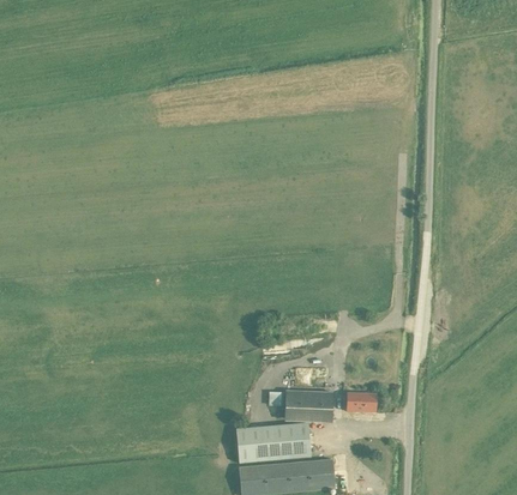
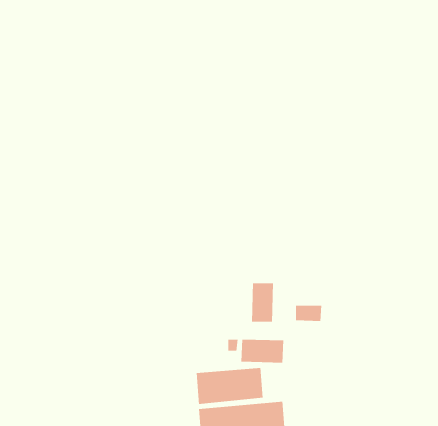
building: none -> [251,282,273,322]
building: [348,393,378,411] -> [295,305,322,322]

